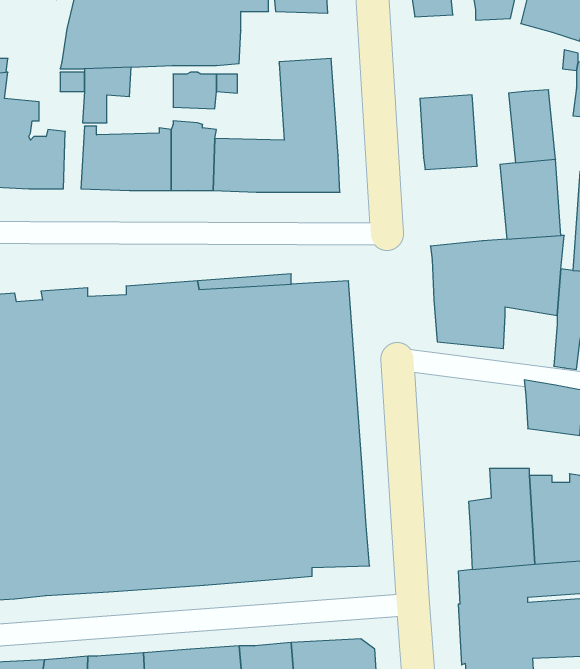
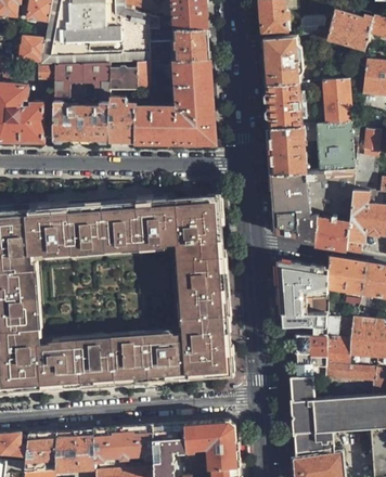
building: none -> [152,29,209,62]
building: none -> [261,37,301,83]
building: none -> [21,38,44,61]
building: none -> [83,63,111,100]
building: none -> [268,126,304,176]
building: none -> [317,219,350,250]
building: none -> [279,263,333,314]

